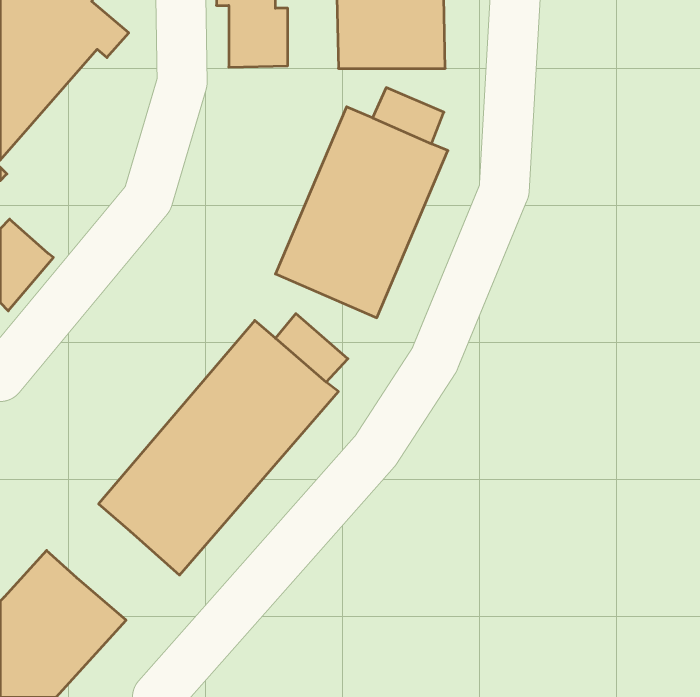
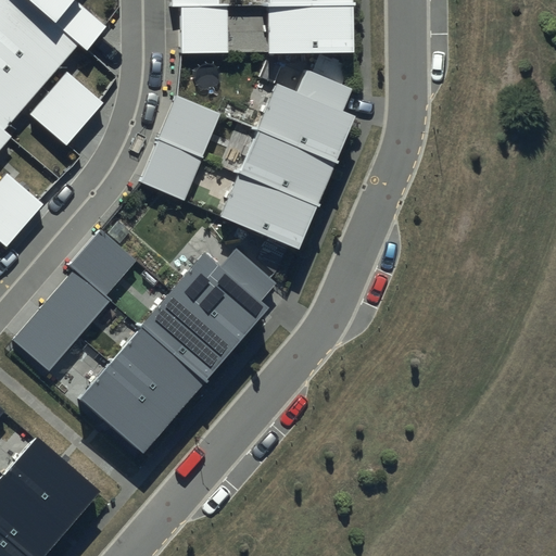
building: none -> [30,72,102,146]
building: none -> [138,94,220,200]
building: none -> [12,228,136,371]

